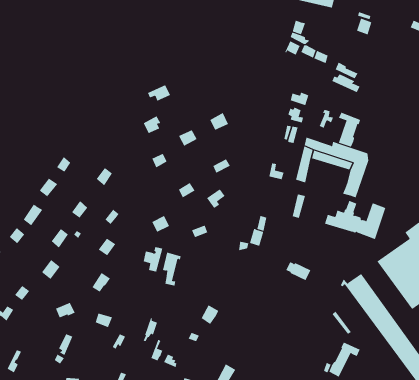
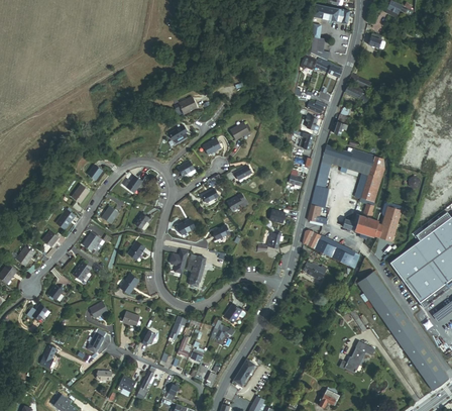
building: [338,112,361,147] -> none
building: none -> [304,230,357,268]

